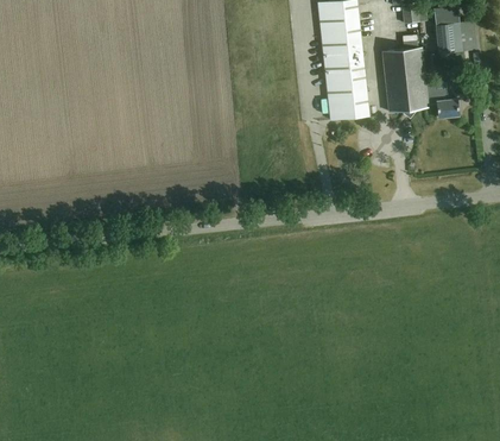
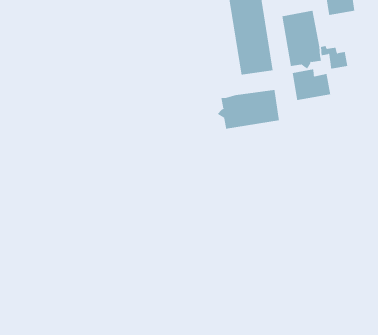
building: none -> [292,68,331,101]
building: none -> [217,89,280,130]

